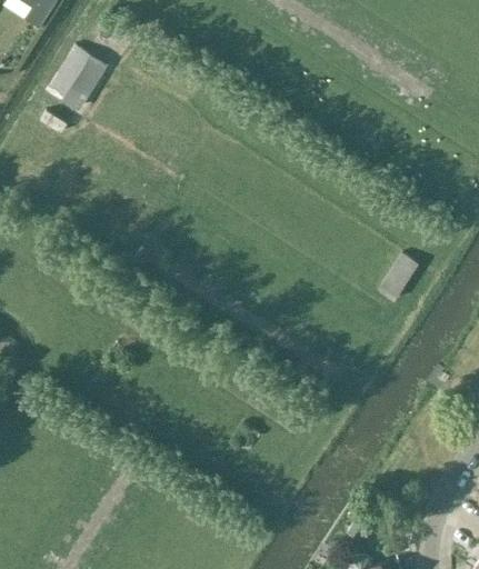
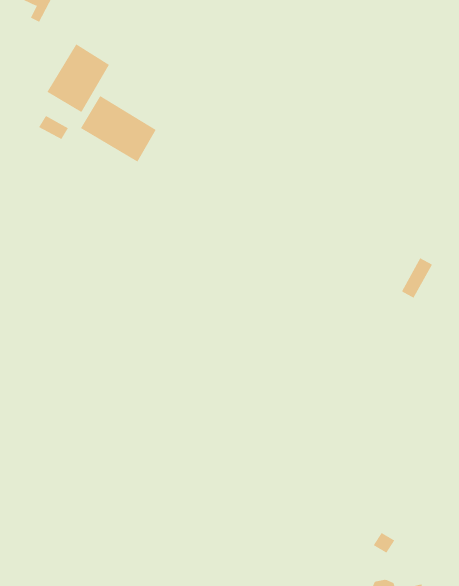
building: none -> [80,95,156,162]

